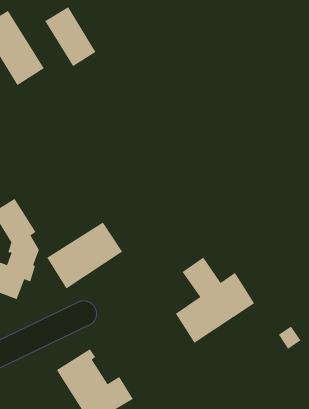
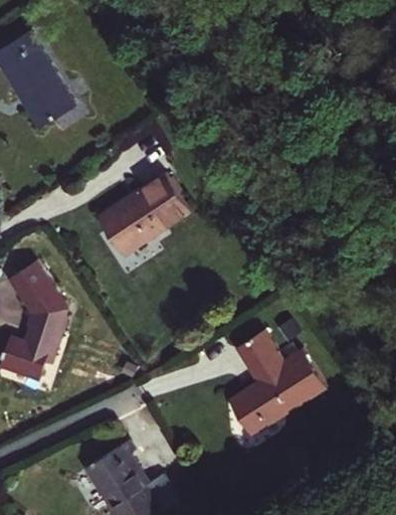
building: [44,6,96,67] -> none
building: [46,222,123,290] -> [96,174,189,255]

